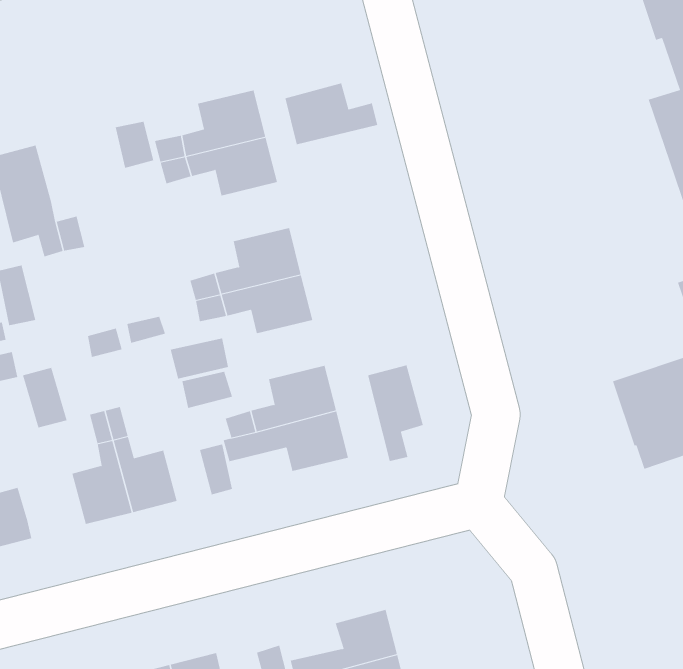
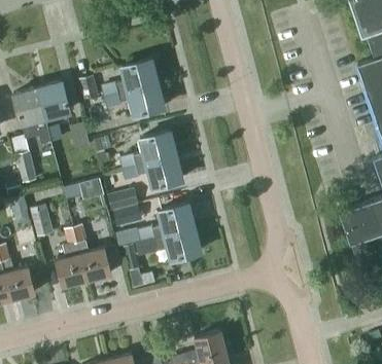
building: [285,82,378,145] -> none
building: none -> [37,83,69,119]
building: [368,365,423,462] -> none

